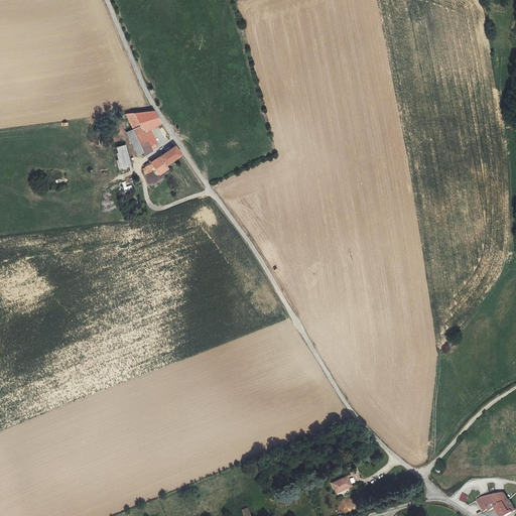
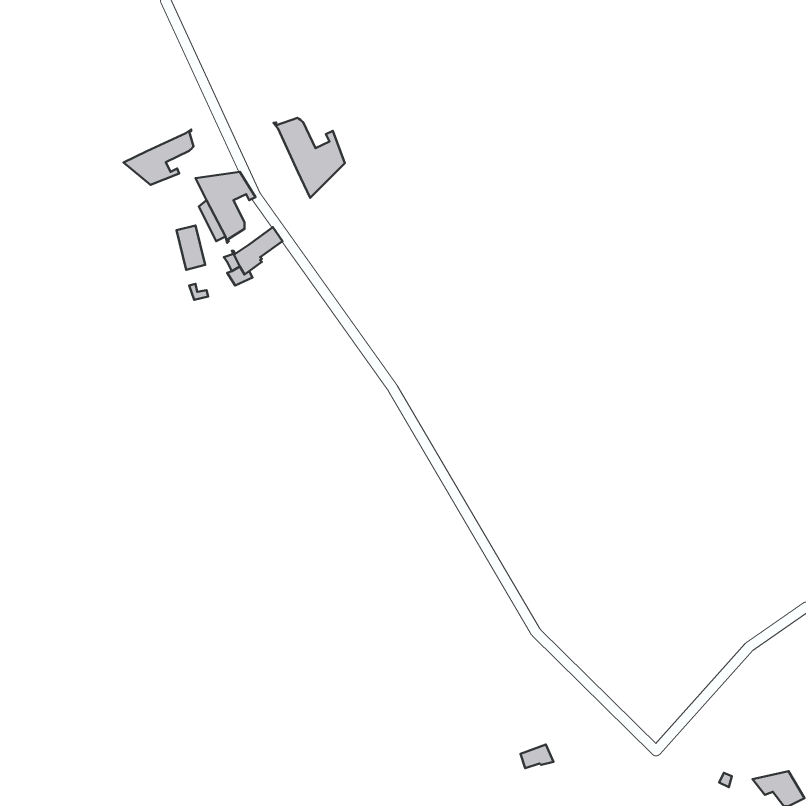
building: none -> [274,118,345,198]
building: none -> [123,129,194,185]

